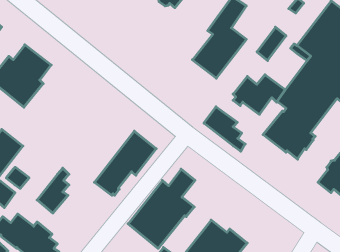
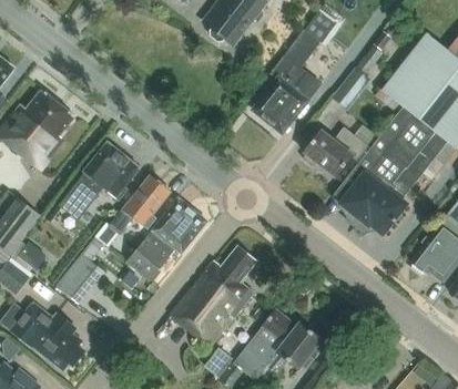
building: none -> [59,142,140,221]
building: [204,107,245,151] -> none
building: none -> [95,175,171,248]

